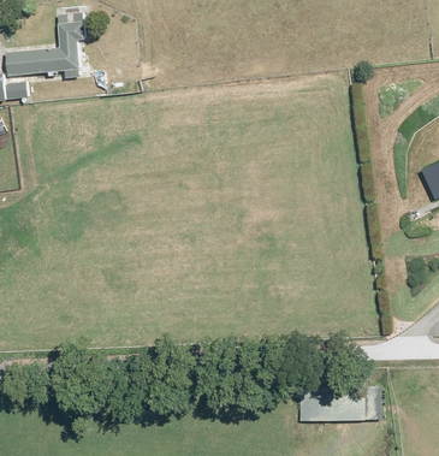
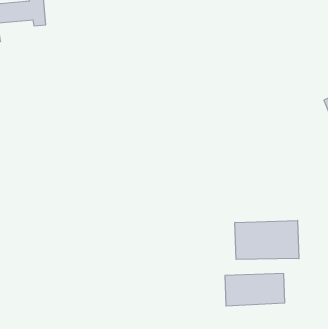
building: none -> [235,220,299,259]

